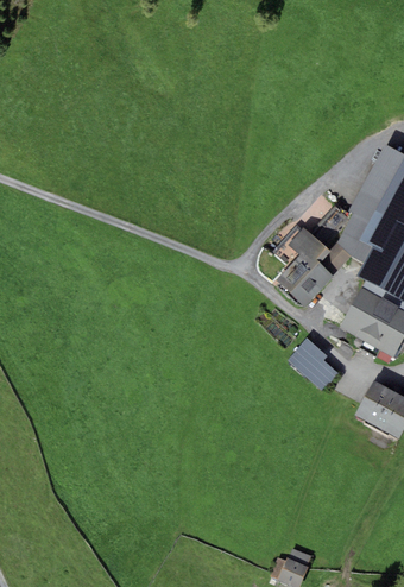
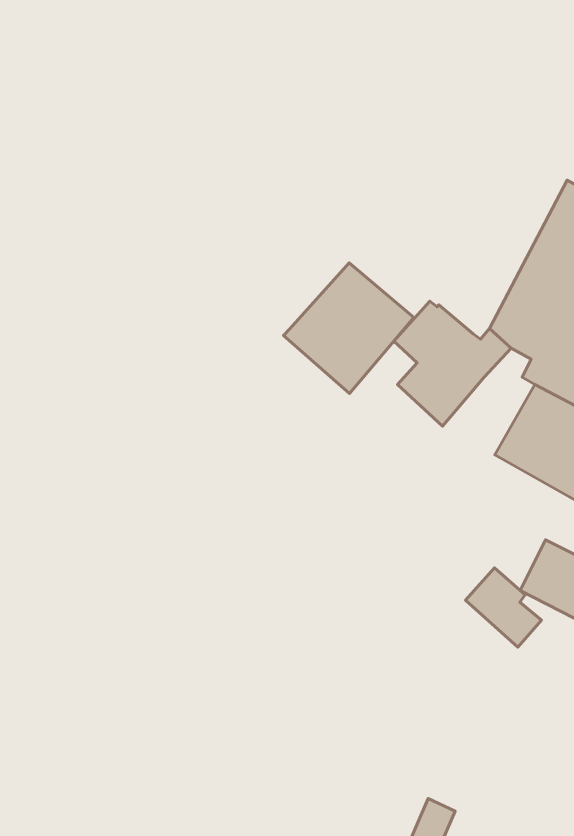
building: none -> [284,263,414,394]
building: [286,337,336,390] -> [466,568,541,647]

